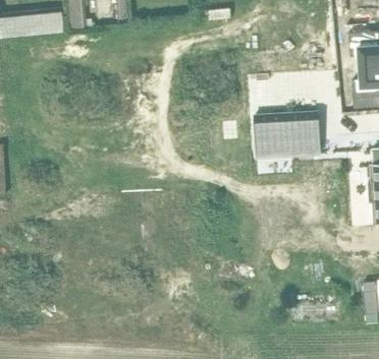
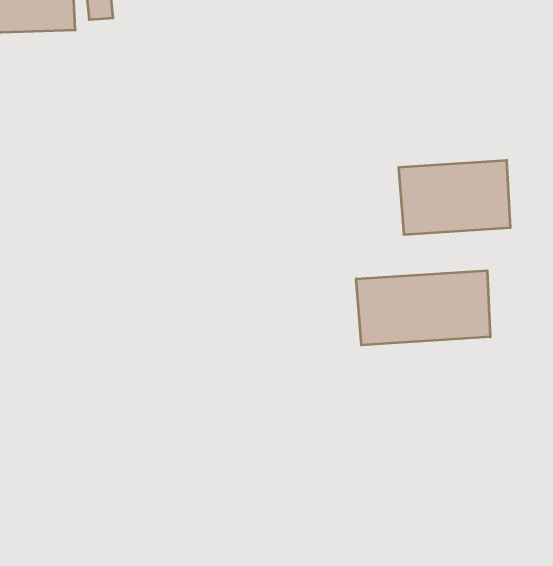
building: none -> [356,271,490,345]

